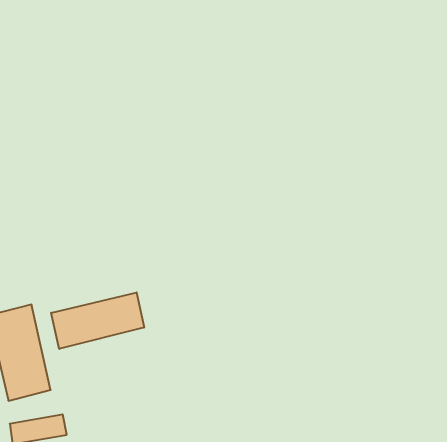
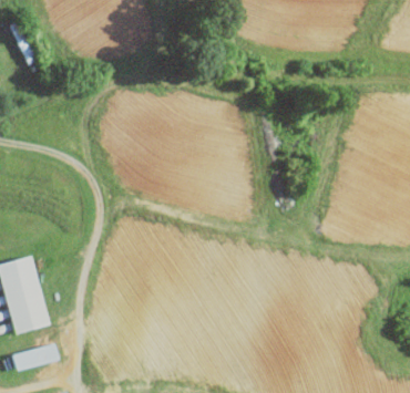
building: [51,292,144,349] -> none

